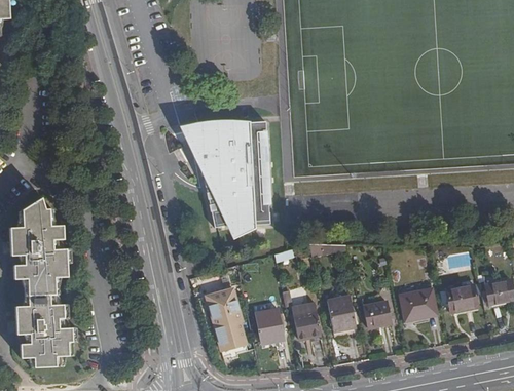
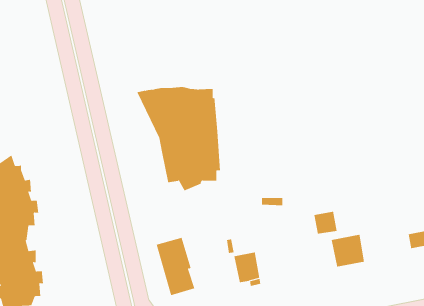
building: [445,284,476,311] -> none
building: [326,298,354,335] -> none
building: [363,299,390,324] -> [314,211,337,234]
building: [253,304,282,339] -> none

